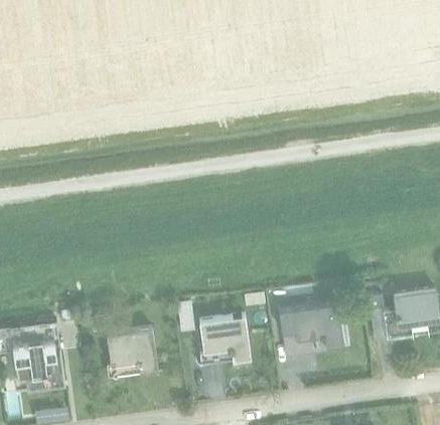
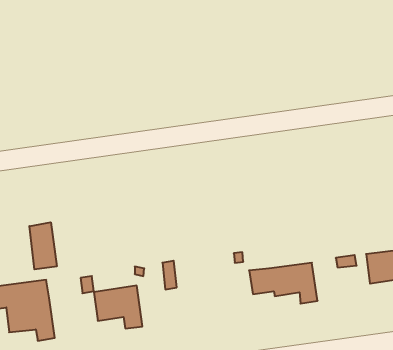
building: none -> [29,222,57,269]
building: [198,316,250,362] -> none

